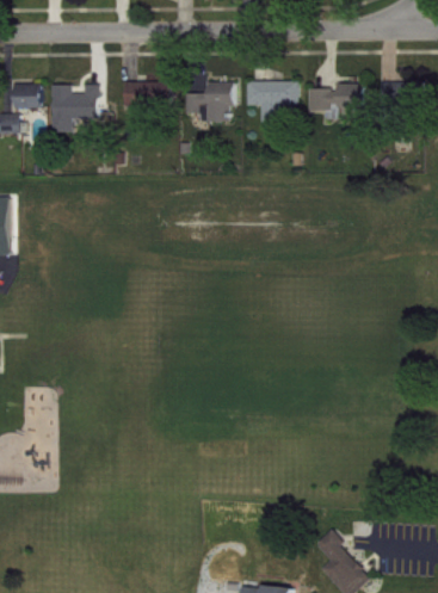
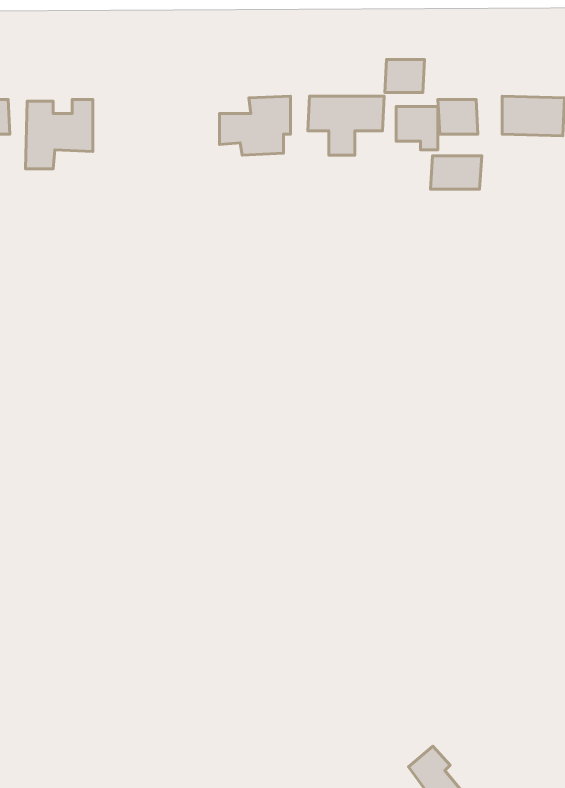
building: none -> [385,59,424,93]
building: [124,82,167,109] -> none
building: none -> [430,156,482,189]

